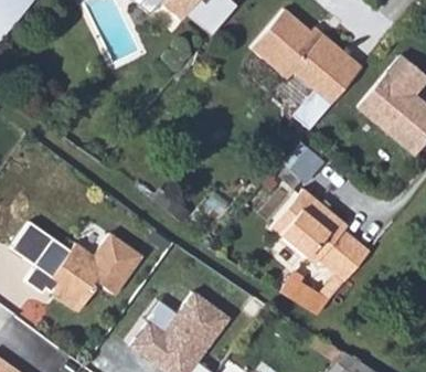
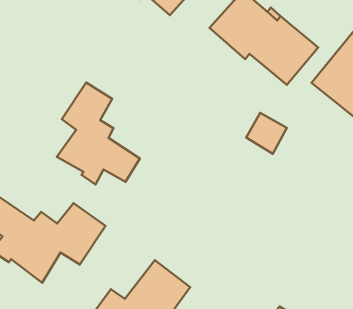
building: none -> [57,83,140,185]
building: [275,189,373,281] -> none
building: [281,273,333,313] -> none

